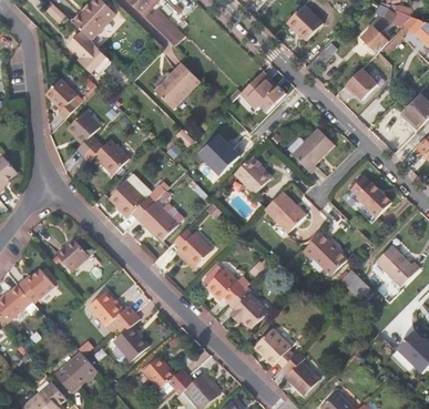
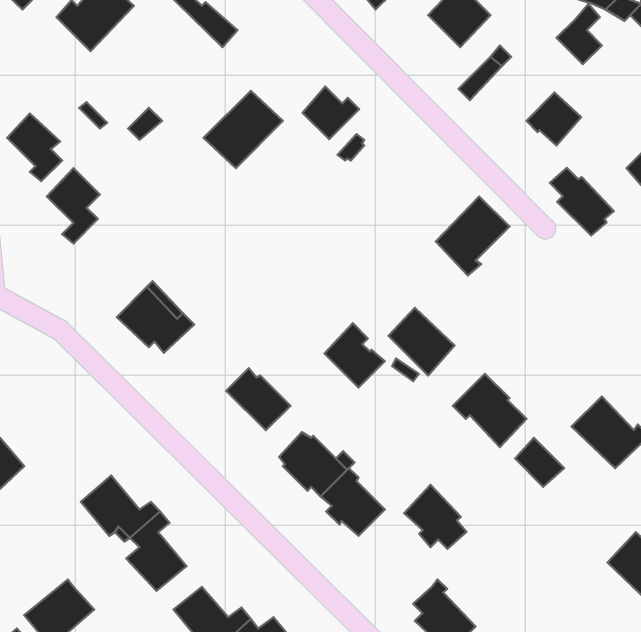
building: [70,39,116,72] -> none
building: [256,81,289,112] -> [303,86,359,139]
building: [194,131,238,175] -> none
building: [82,140,126,174] -> none
building: [238,156,274,194] -> [324,323,385,387]
building: [355,177,392,217] -> [550,168,614,236]
building: [135,202,176,239] -> none
building: [54,239,86,270] -> none
building: [256,329,293,367] -> [404,485,466,549]

